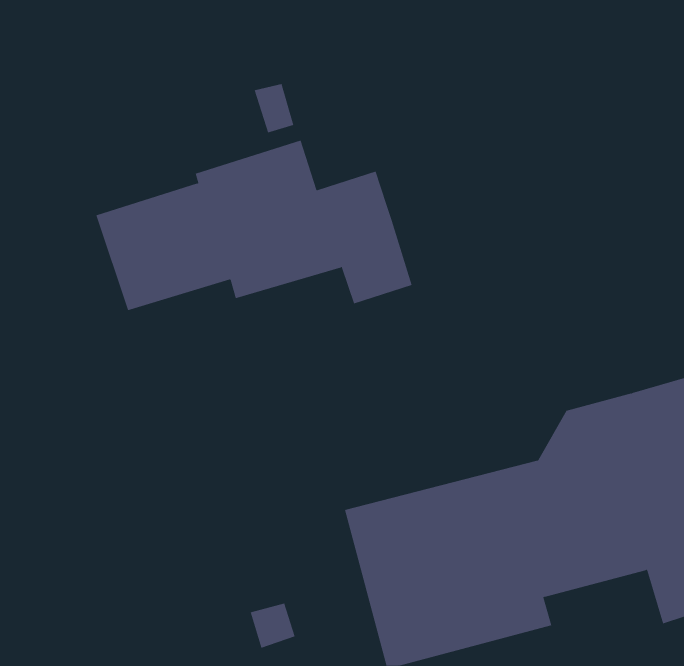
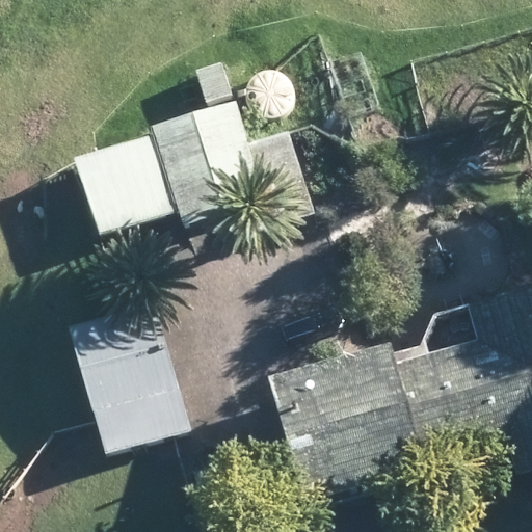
building: none -> [71,309,190,457]

